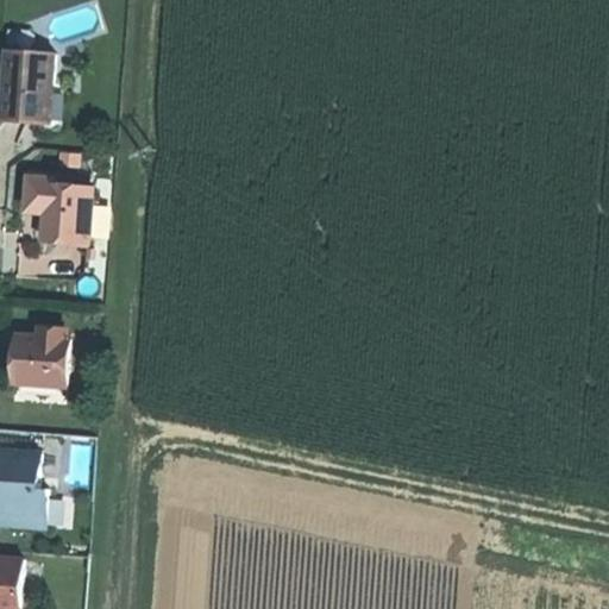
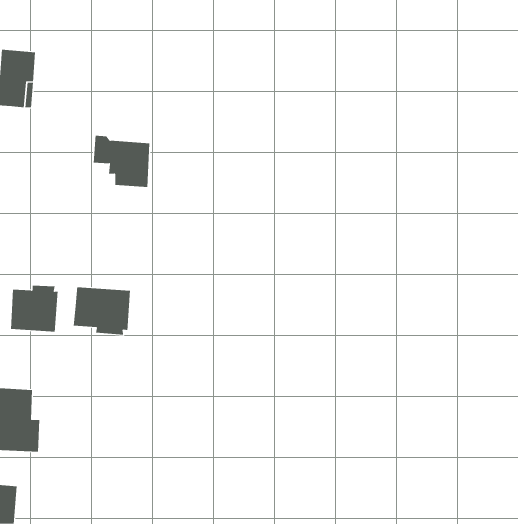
building: [23,175,89,236] -> [93,135,150,187]
building: none -> [73,286,130,335]

